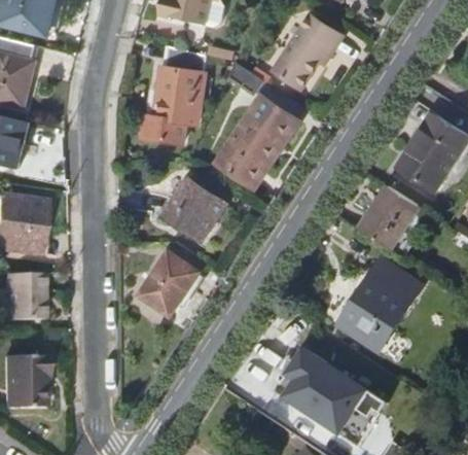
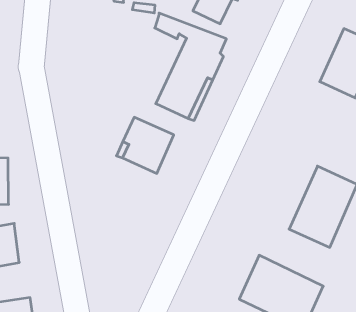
building: [135,47,201,144] -> none
building: [361,187,419,249] -> none
building: [137,251,196,316] -> none

